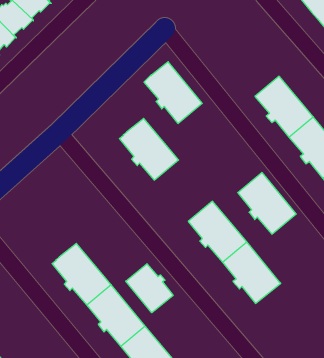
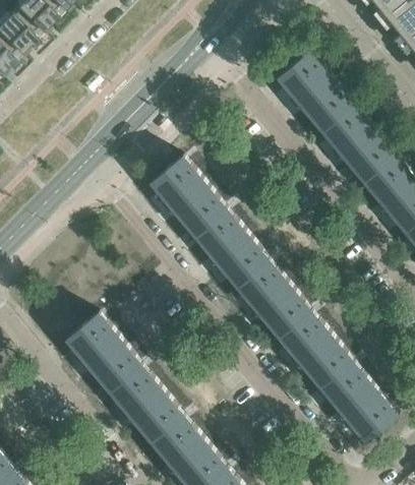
building: [144,62,202,123] -> [279,52,352,129]
building: [238,173,296,234] -> [195,208,269,286]
building: [126,264,173,313] -> none
building: none -> [322,363,397,440]

